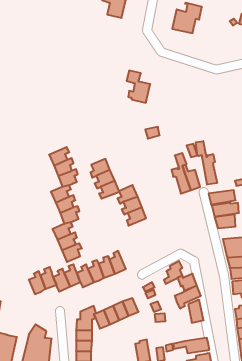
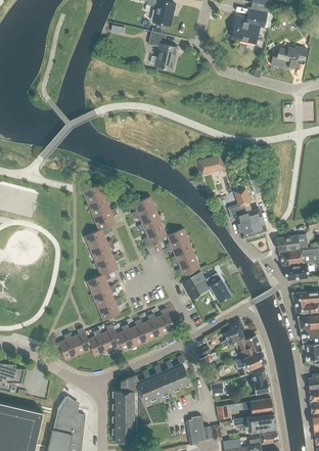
building: none -> [270,46,307,70]
building: [127,71,150,103] -> [148,32,177,71]
building: [196,141,217,185] -> none
building: none -> [181,274,230,302]
building: none -> [216,398,273,419]

